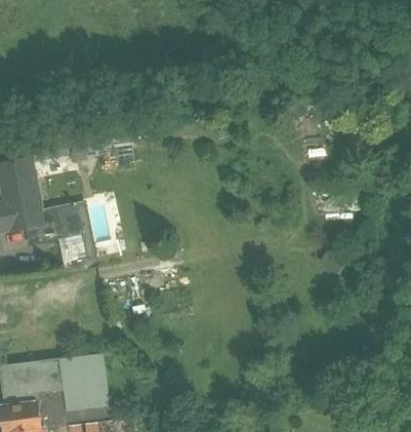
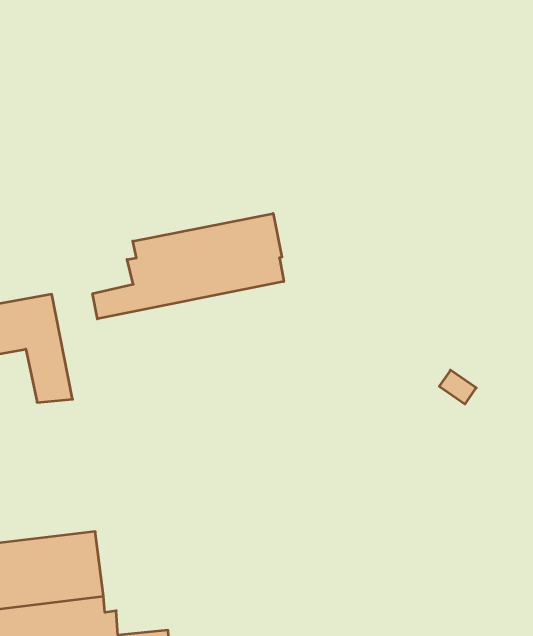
building: none -> [93,213,284,319]

